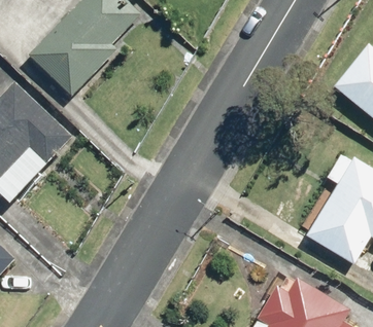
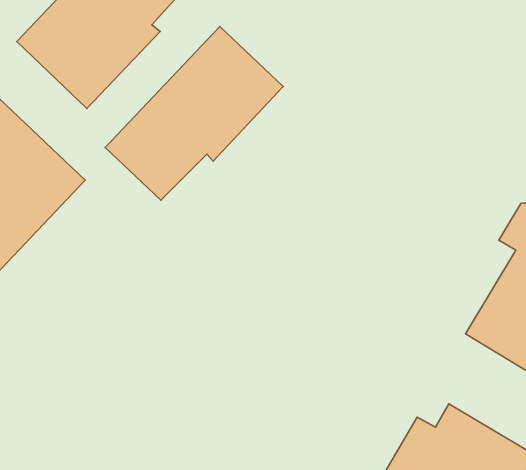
building: none -> [105,27,283,200]

